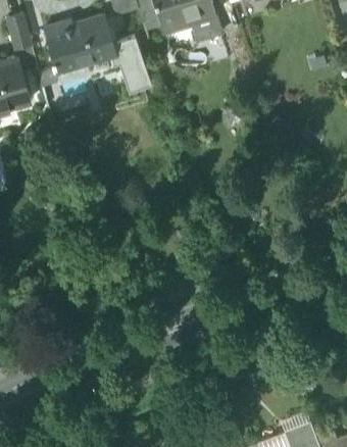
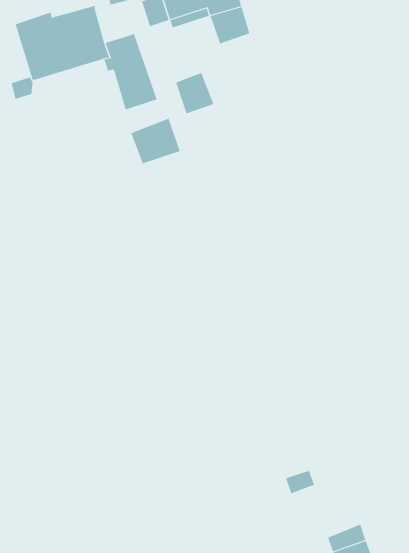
building: none -> [176,72,214,114]
building: none -> [130,118,181,164]

